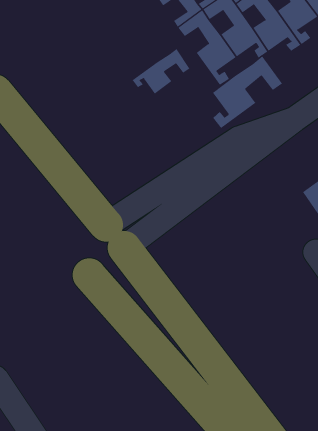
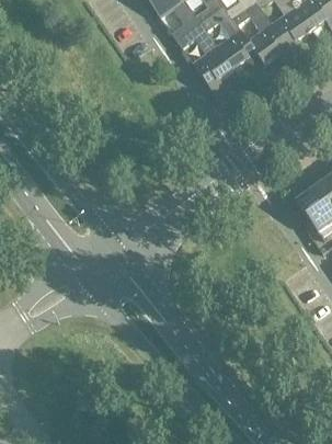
building: [132,48,190,95] -> none
building: [212,56,283,129] -> none

